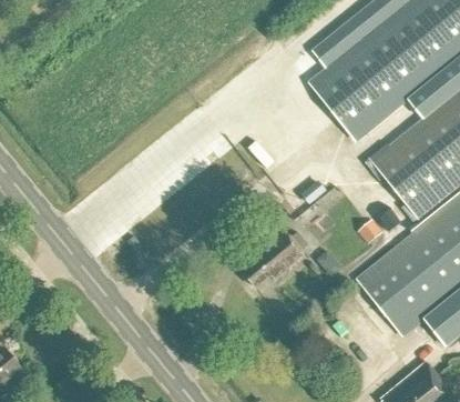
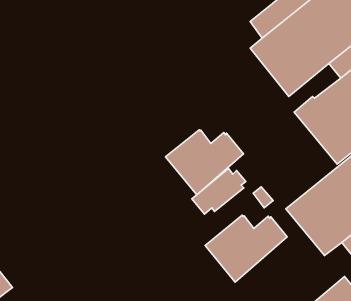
building: none -> [165,130,243,195]
building: none -> [205,215,287,282]

